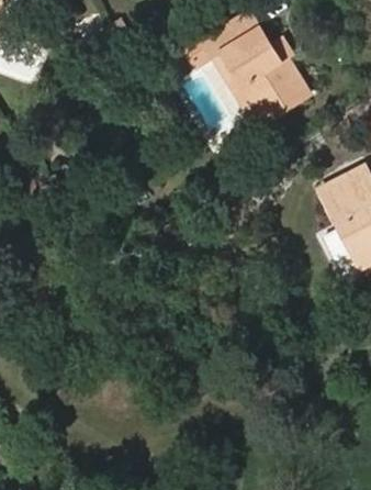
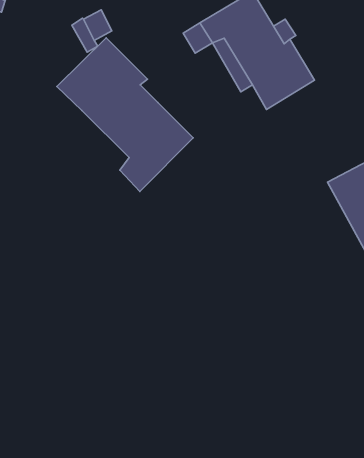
building: none -> [57,38,193,191]

